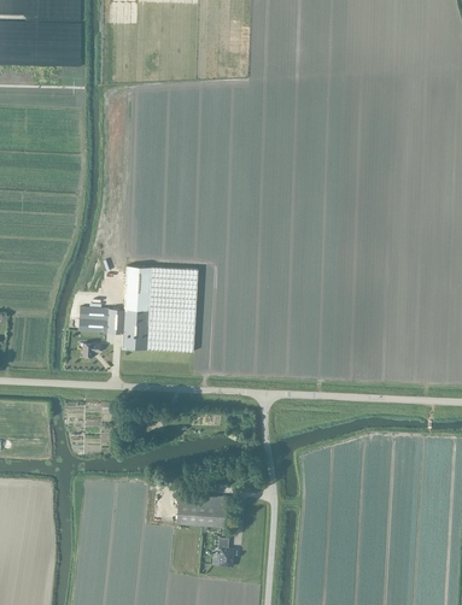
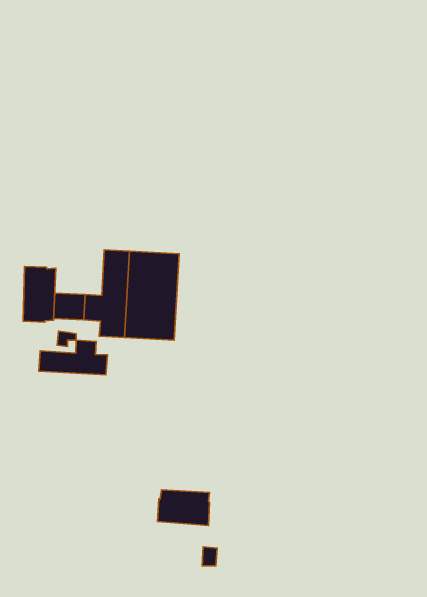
building: none -> [23,266,56,322]
building: none -> [39,340,107,375]

